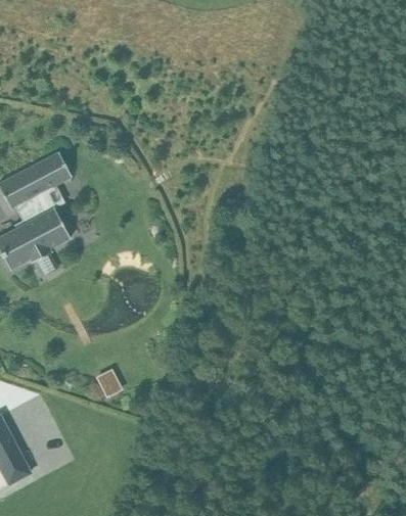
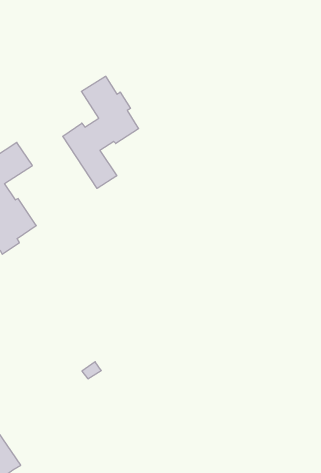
building: none -> [63,76,139,188]

